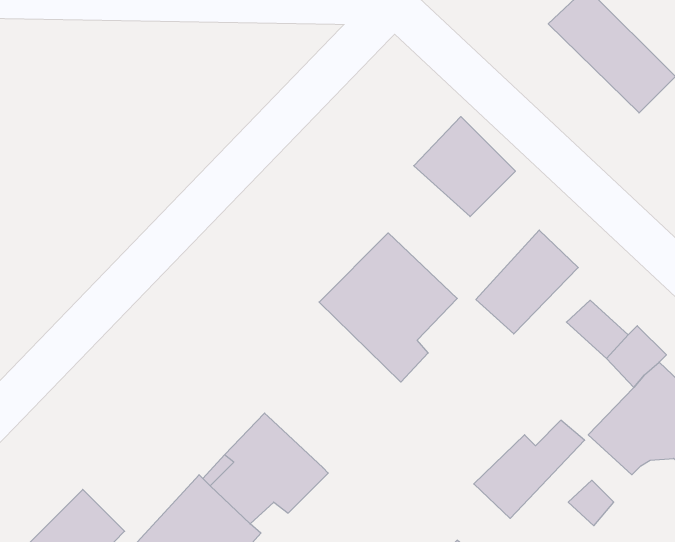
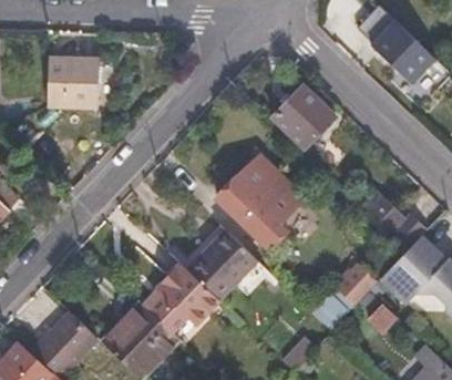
building: none -> [49,58,99,107]
building: [476,230,578,334] -> none
building: none -> [185,226,257,298]

